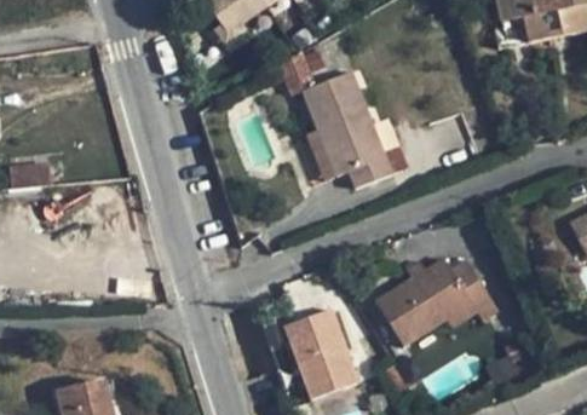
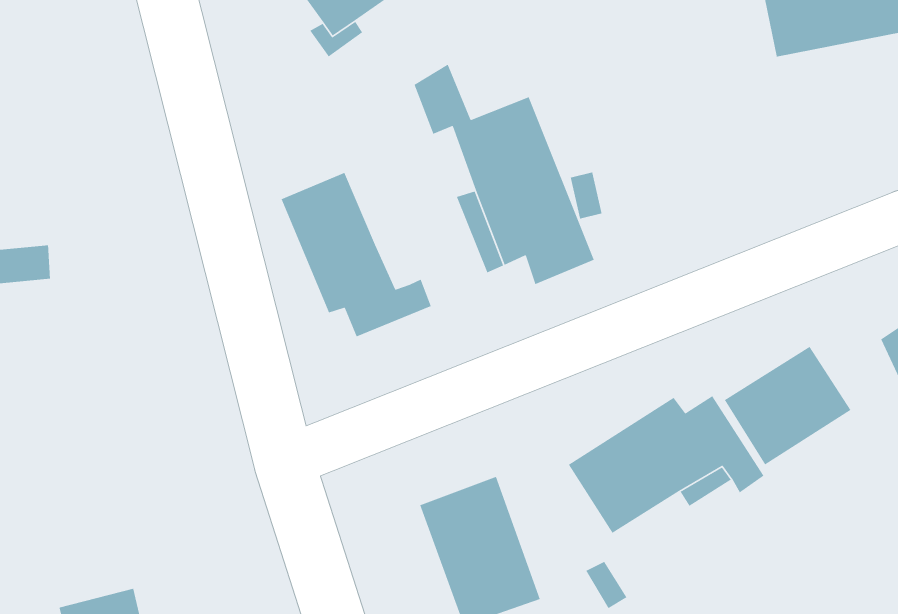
building: none -> [280,172,432,338]
building: none -> [724,346,852,466]

